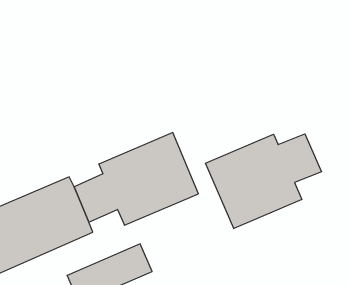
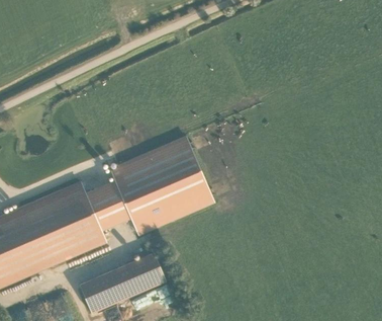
building: [205,134,321,229] -> none

